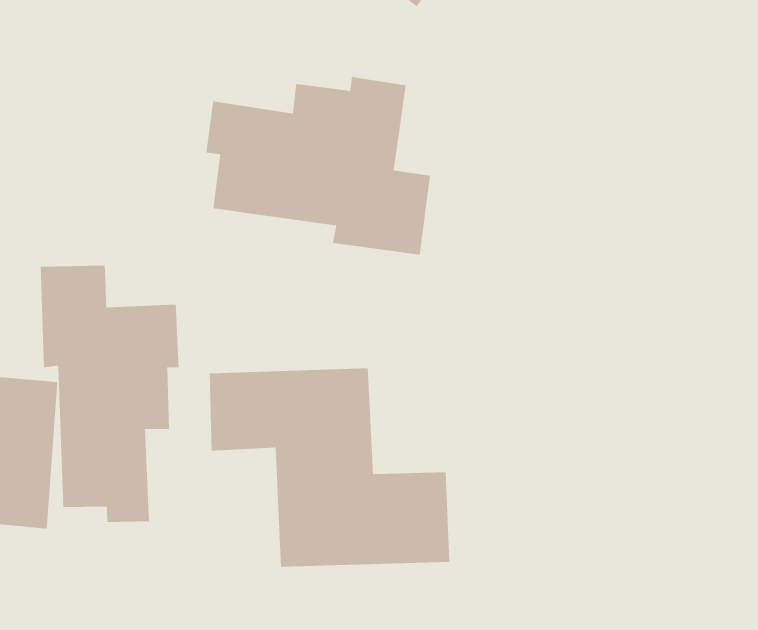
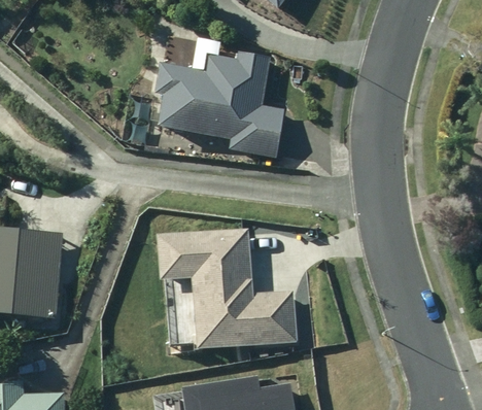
building: [40,265,179,523] -> none

